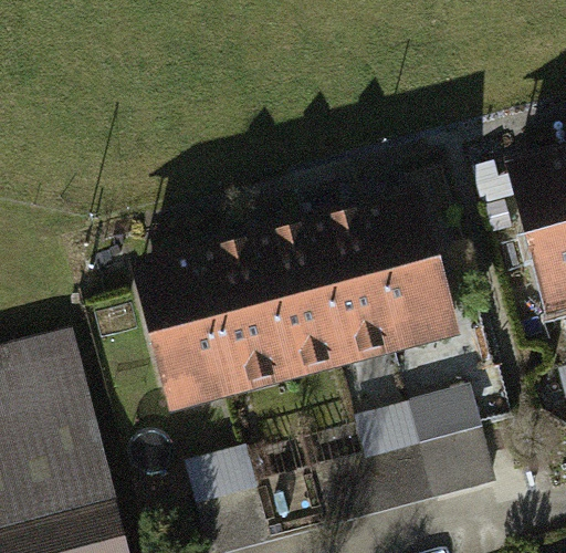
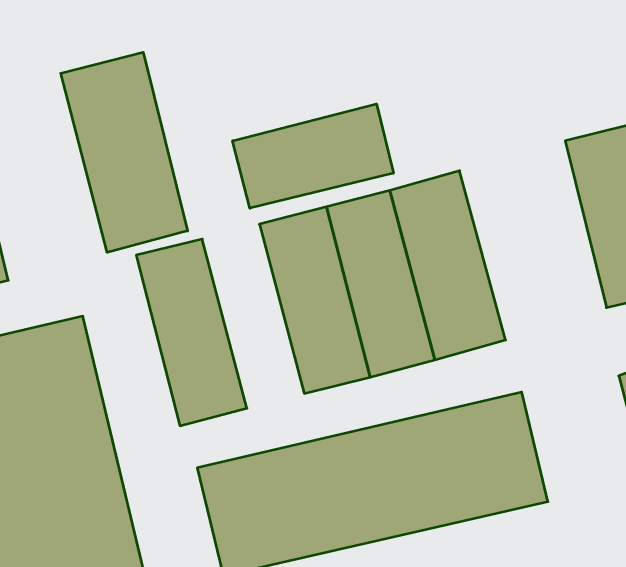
building: none -> [61,52,188,252]
building: none -> [233,104,393,208]
building: [186,243,276,407] -> none

